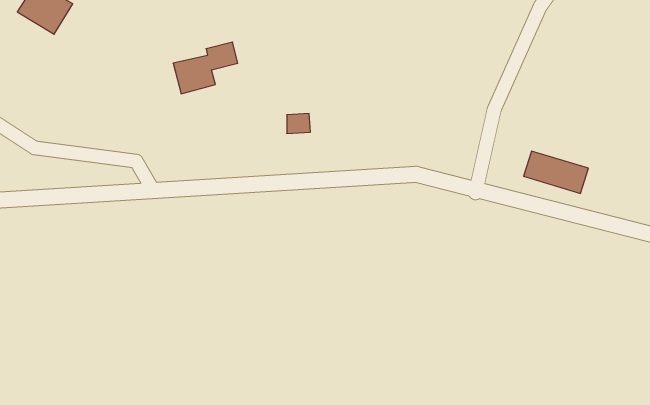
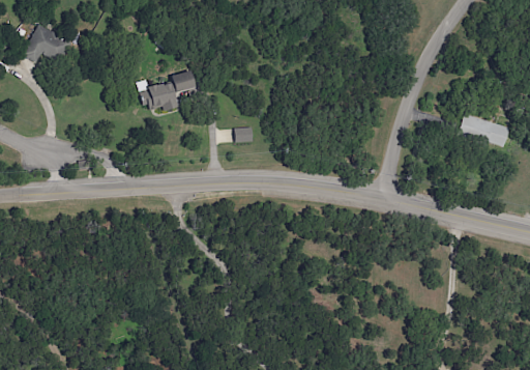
building: [524,151,588,193] -> [459,114,509,147]

